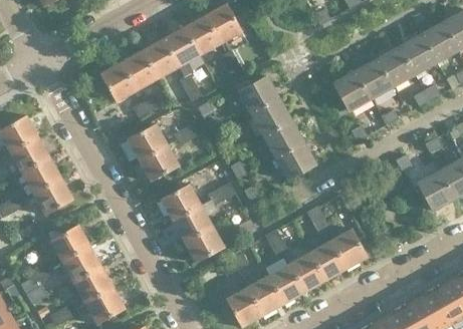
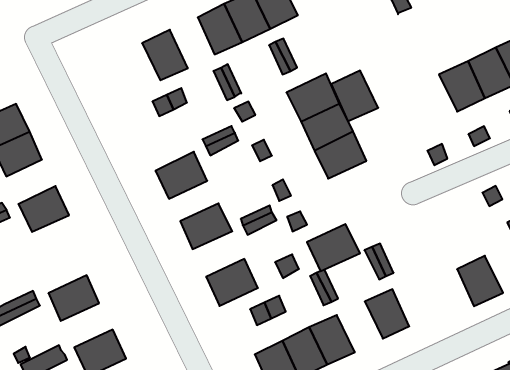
building: [143,39,179,79] -> none
building: [100,62,138,103] -> none
building: [333,71,372,111] -> [331,71,378,121]
building: [127,123,168,161] -> none
building: [274,142,316,181] -> [307,224,360,271]
building: [22,158,61,195] -> none
building: [172,205,213,242] -> none
building: [49,225,90,263] -> none
building: [330,230,368,270] -> [457,256,503,306]
building: [288,253,325,293] -> none
building: [72,268,113,304] -> none

